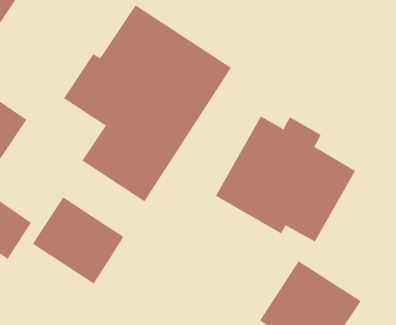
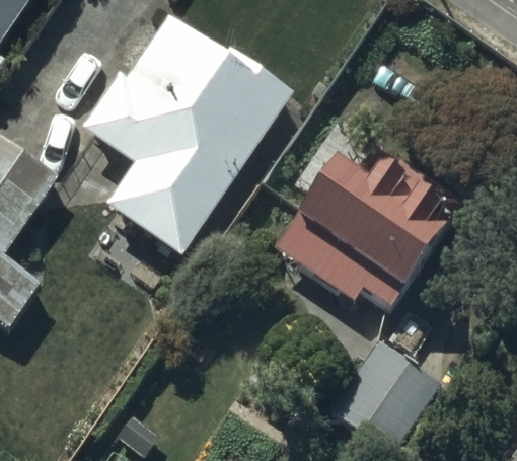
building: [32,197,124,285] -> none

